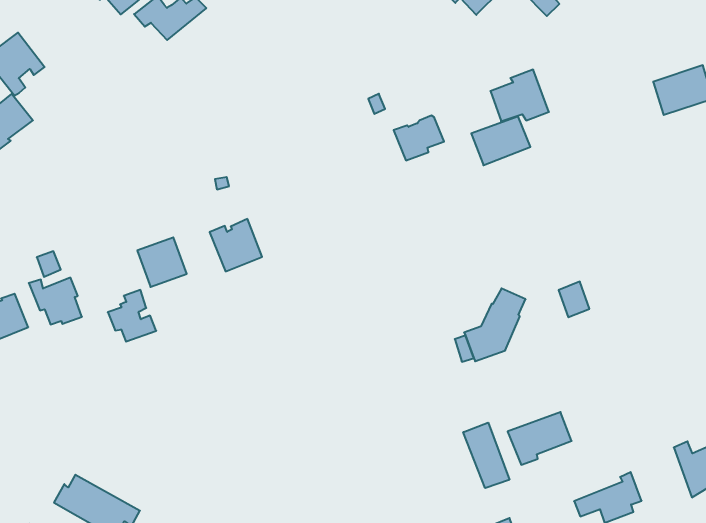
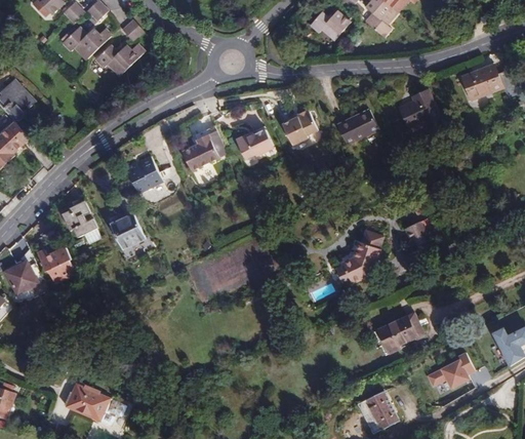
building: [490,70,549,121] -> [399,89,441,127]
building: none -> [181,129,218,170]
building: none -> [236,125,274,159]
building: [210,219,262,271] -> [124,155,162,193]
building: [108,290,156,342] -> [63,200,97,237]
building: [463,423,509,488] -> none

